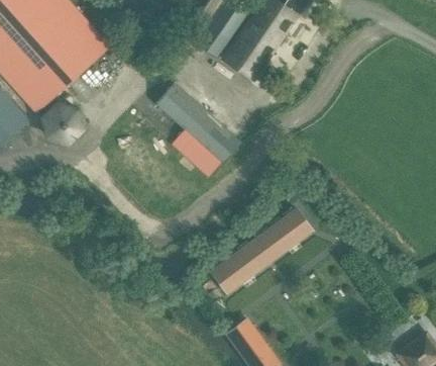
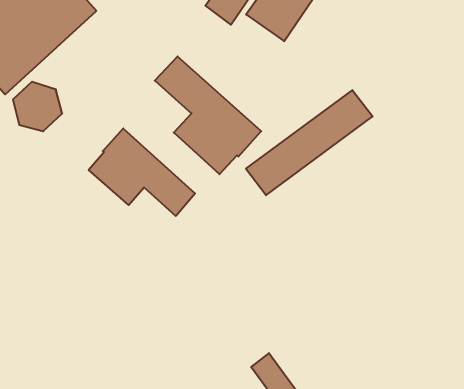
building: none -> [89,128,195,216]
building: [211,209,312,293] -> [246,90,373,195]

